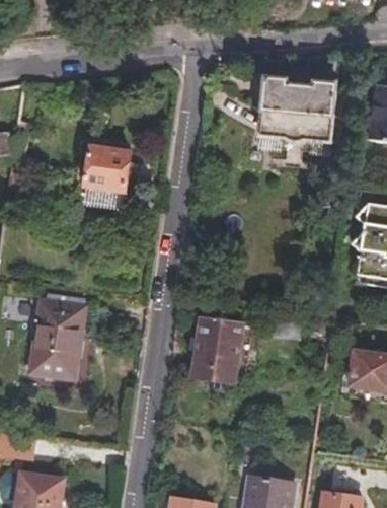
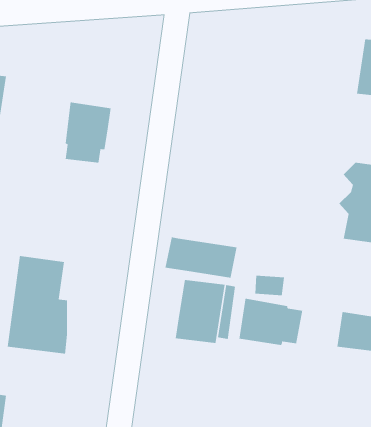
building: [258,81,336,145] -> none
building: none -> [165,237,237,278]
building: none -> [239,298,303,346]

